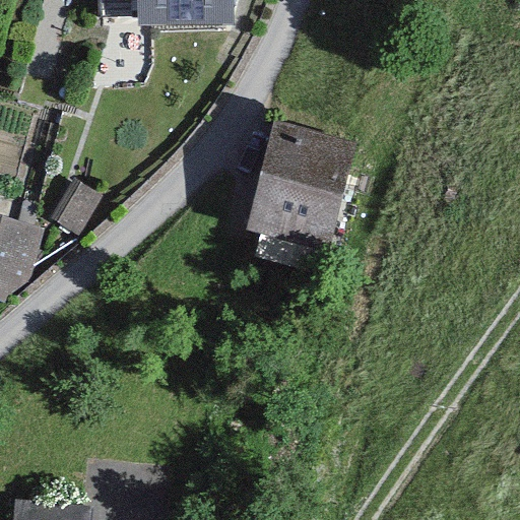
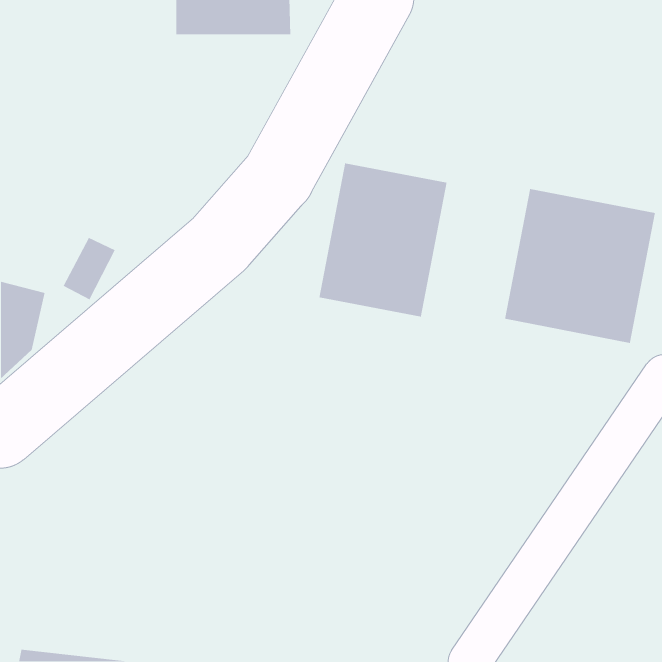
building: none -> [504,188,656,344]

